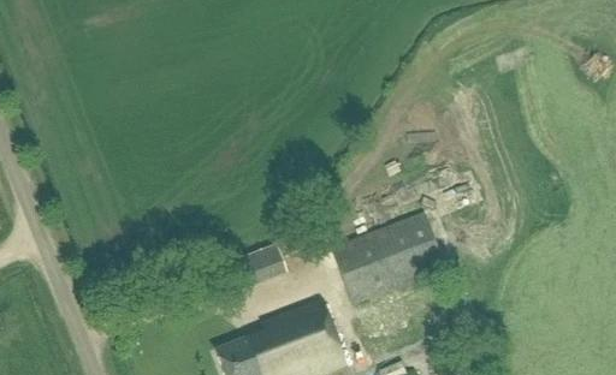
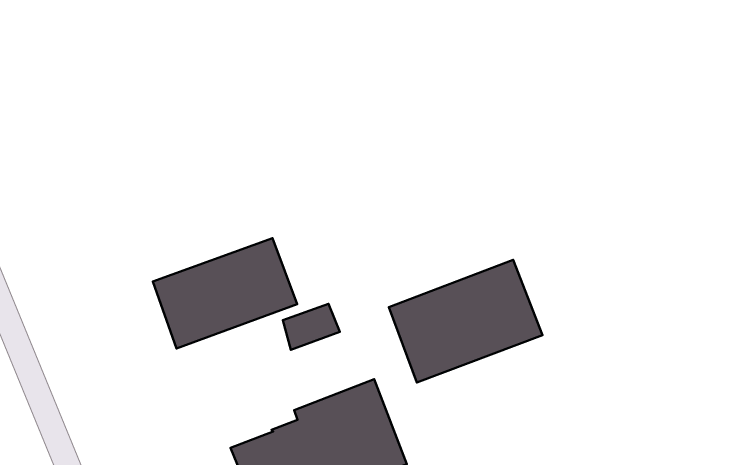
building: none -> [153,238,297,348]

